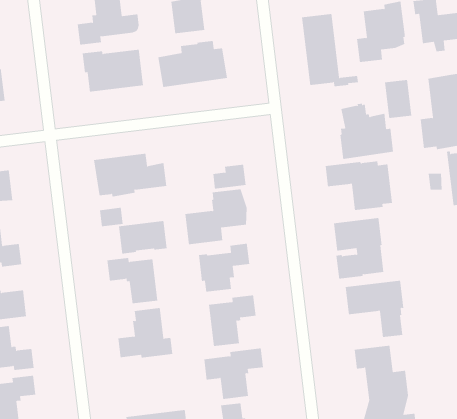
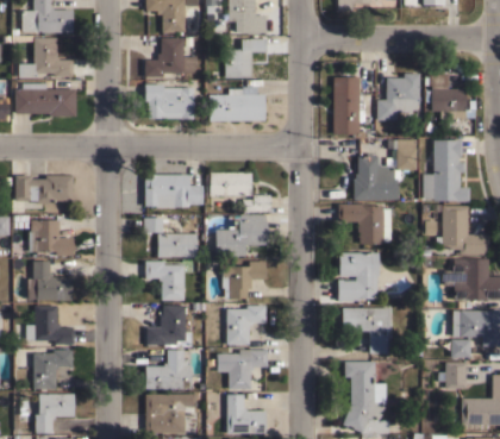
building: none -> [210,171,251,196]
building: none -> [145,350,192,389]

